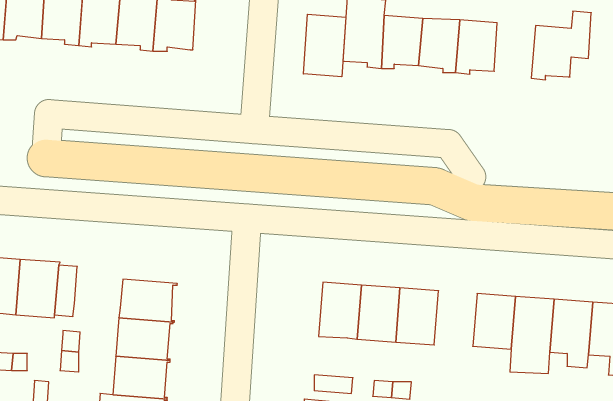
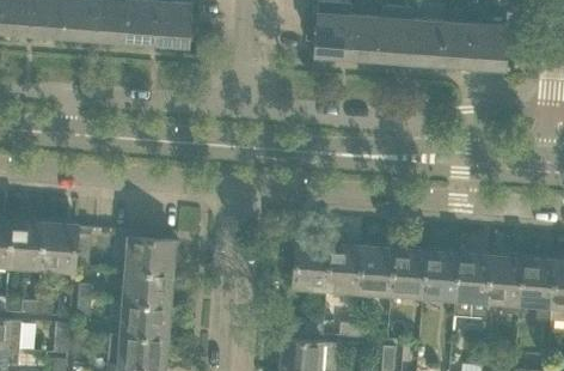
building: [303,14,346,77] -> none
building: none -> [441,24,476,71]
building: none -> [391,249,427,296]

